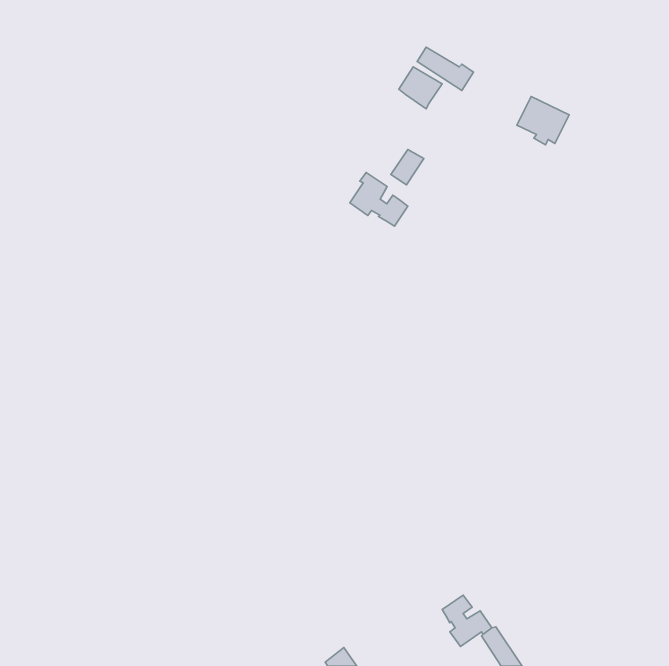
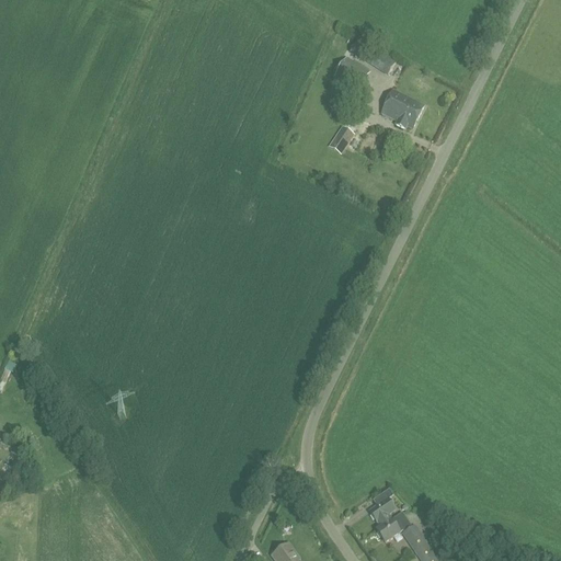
building: [517,96,569,145] -> [380,88,424,128]
building: [350,172,408,226] -> none

